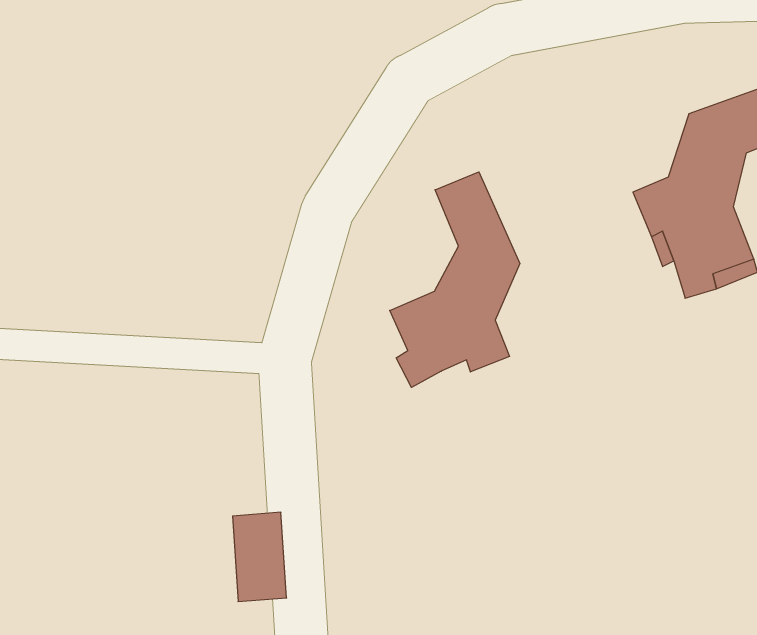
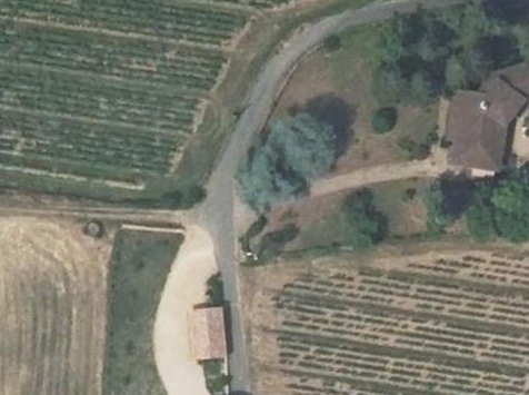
building: [390,172,520,387] -> none

